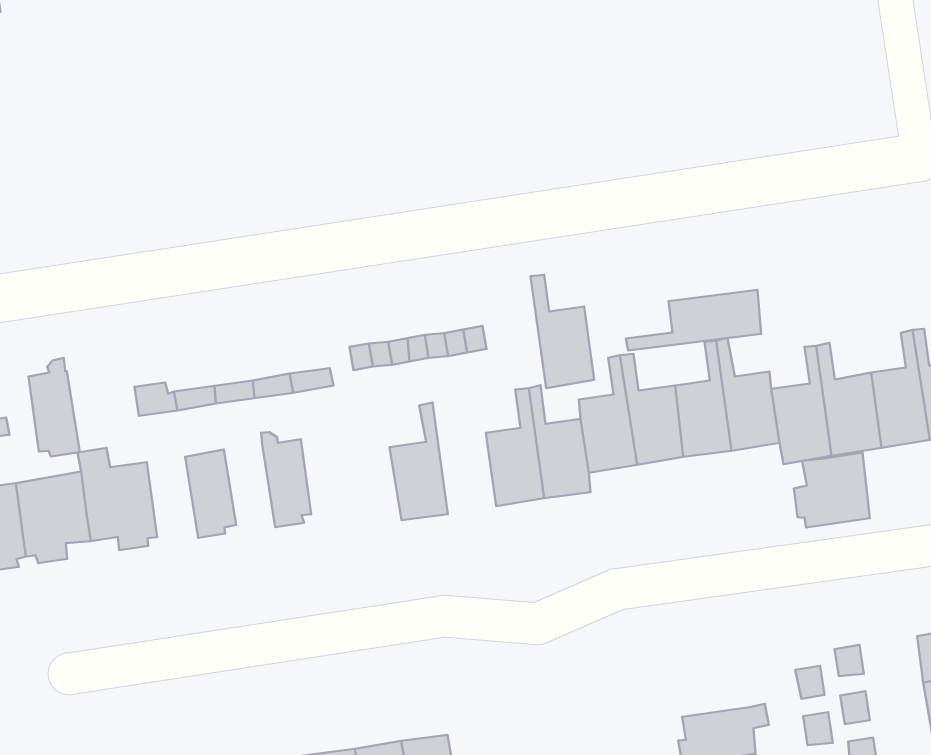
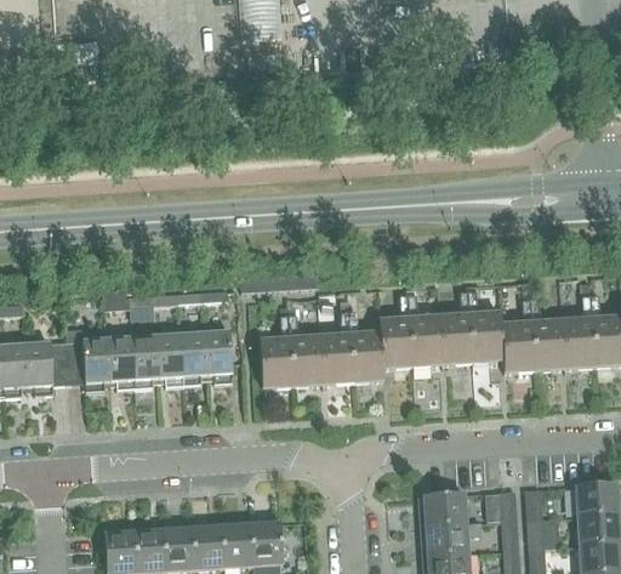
building: [531,275,594,388] -> [289,316,323,386]
building: [626,290,761,351] -> none
building: [28,358,80,456] -> [108,328,136,388]
building: none -> [205,329,233,382]
building: none -> [156,333,184,386]
building: [794,452,870,527] -> none
building: none -> [425,493,469,524]

